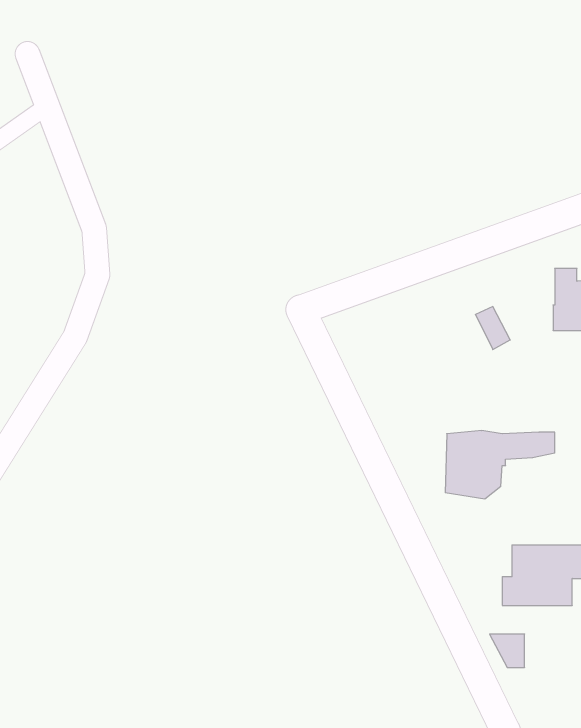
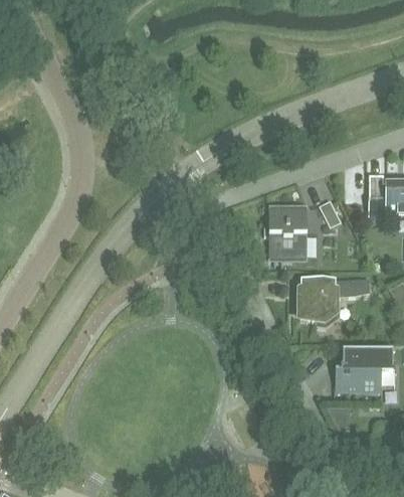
building: none -> [268,209,307,257]

